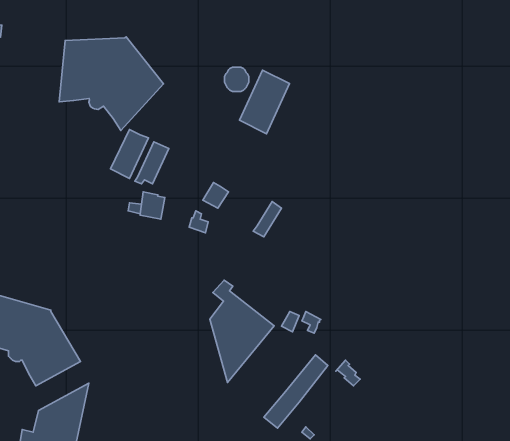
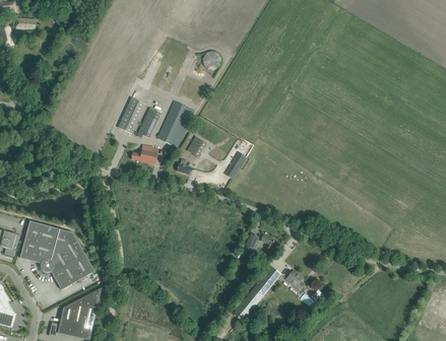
building: [59,37,164,130] -> none
building: [239,70,290,134] -> [156,100,194,148]
building: [210,280,274,382] -> none

